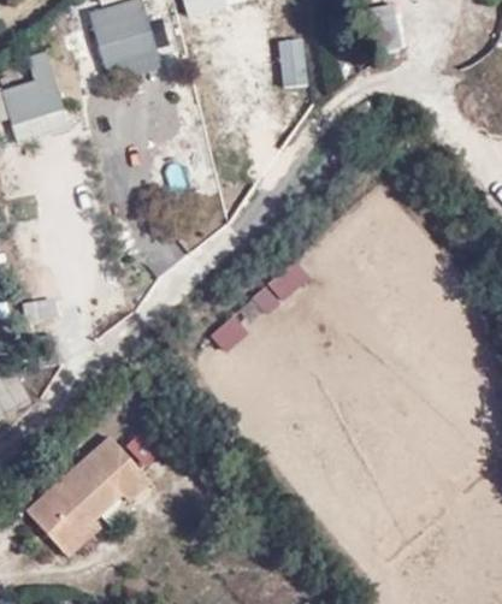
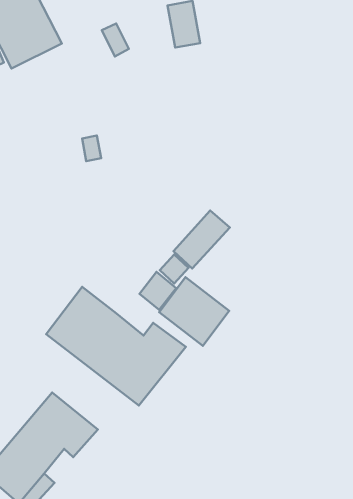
building: none -> [46,287,186,406]
building: none -> [159,277,229,346]

